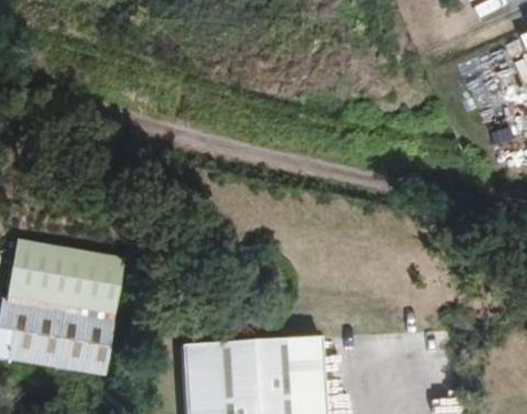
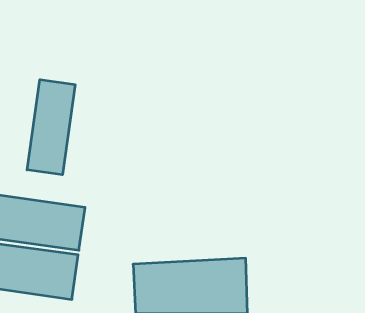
building: none -> [27,80,75,175]

